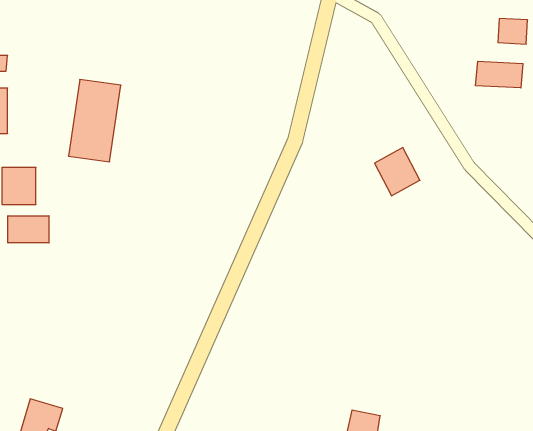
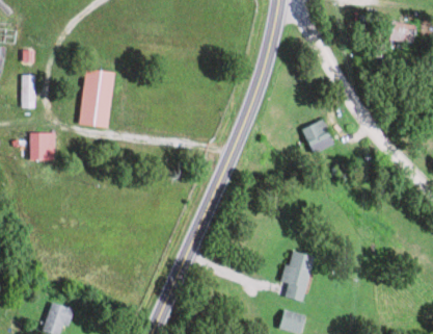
building: [476,61,523,88] -> none
building: [8,216,49,243] -> none
building: none -> [283,251,315,301]

